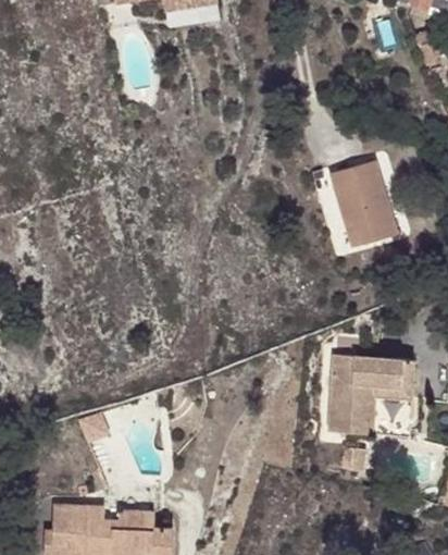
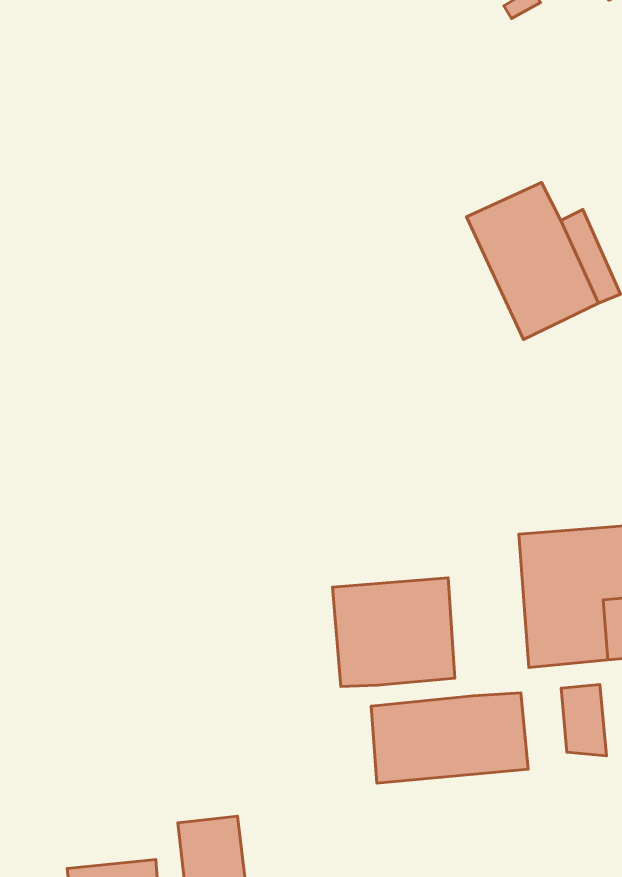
building: none -> [333,578,455,687]
building: none -> [371,693,528,783]

